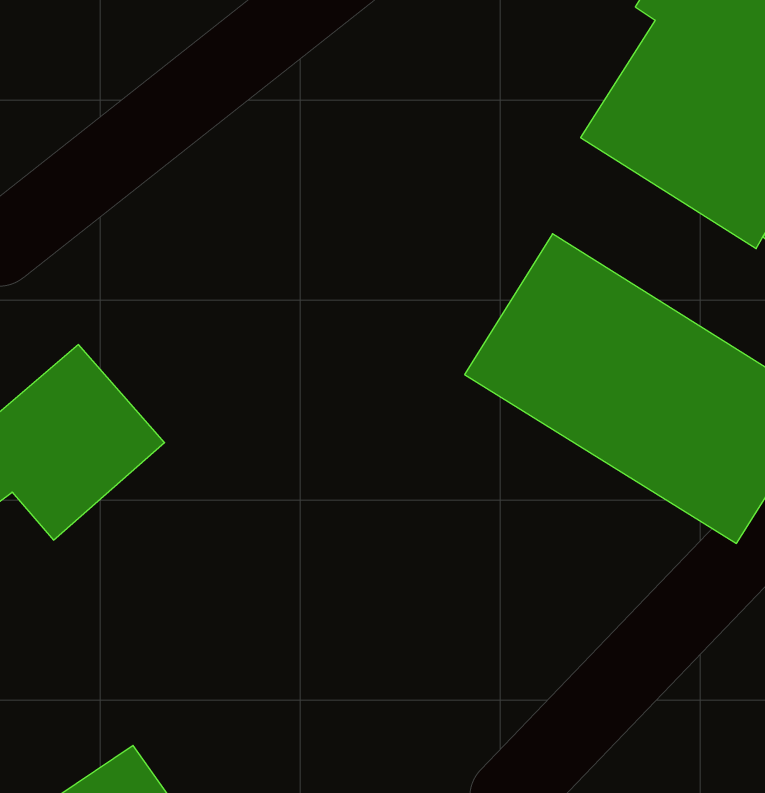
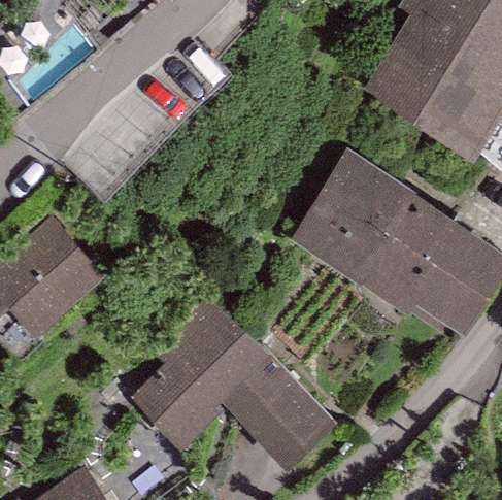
building: none -> [130,292,336,470]

